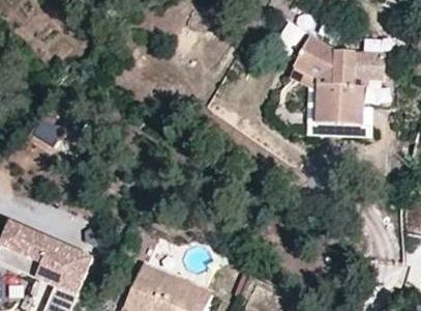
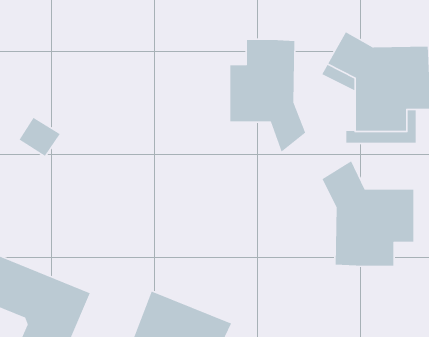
building: none -> [229,39,306,153]
building: none -> [321,160,414,266]

